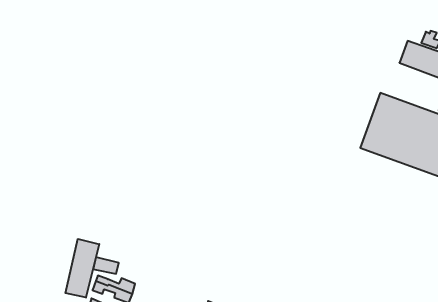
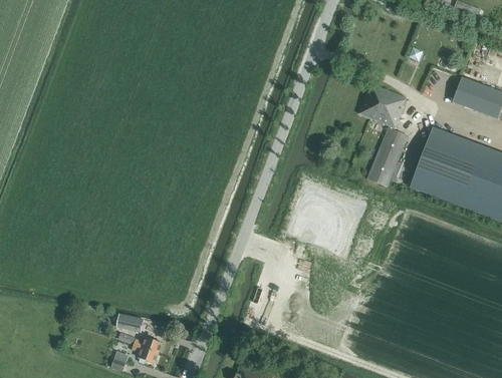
building: none -> [359,82,408,185]
building: [65,239,99,298] -> none

